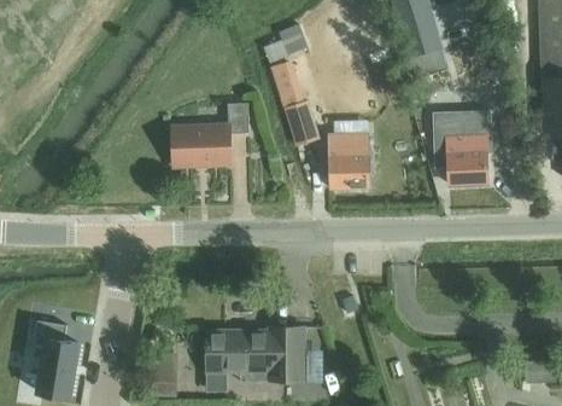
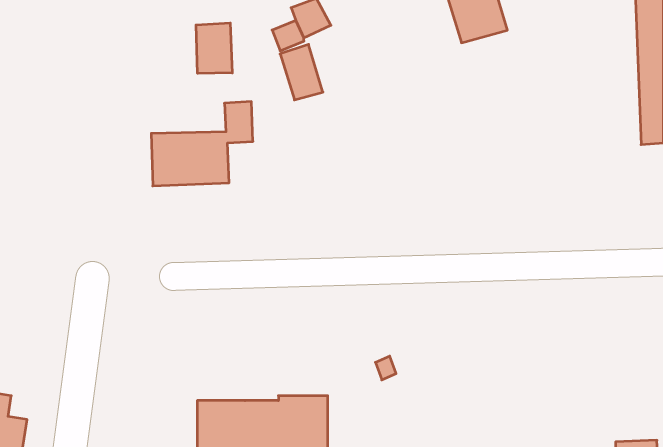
building: none -> [196,23,232,73]
building: [281,95,321,146] -> none
building: [433,111,492,185] -> none
building: [330,134,370,188] -> none

